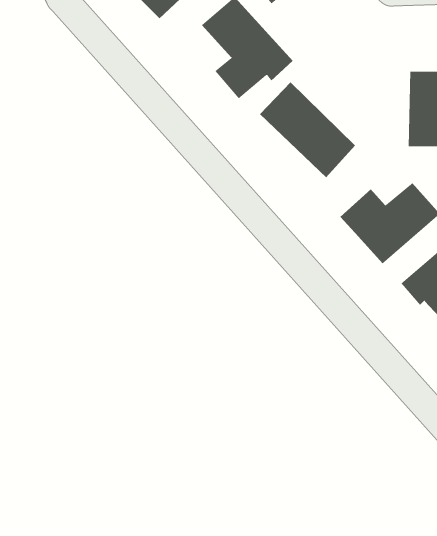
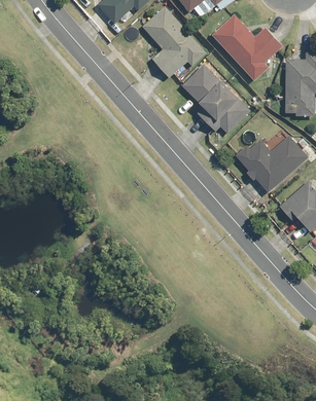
building: none -> [211,14,282,81]

